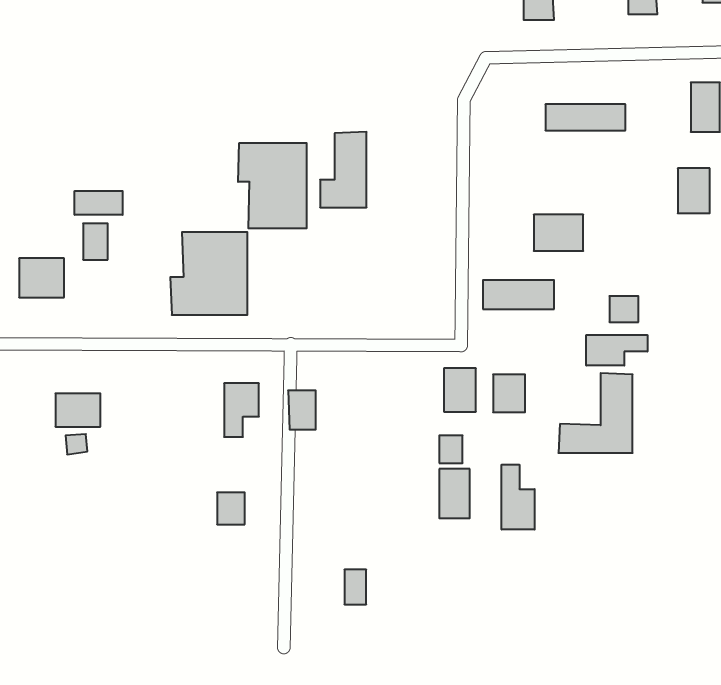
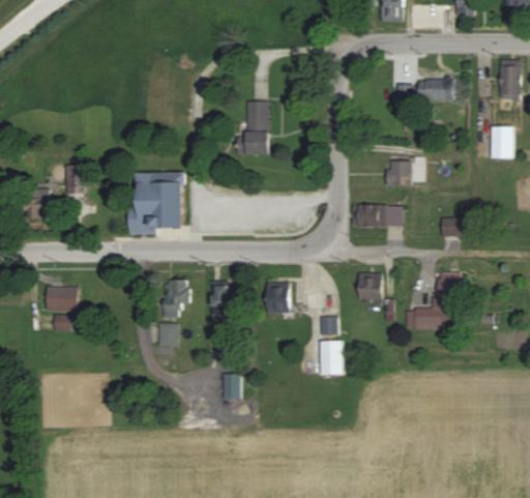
building: [238,143,307,228] -> none
building: [75,191,123,215] -> none
building: [586,335,647,366] -> none
building: [444,368,476,412] -> [267,284,290,315]
building: [502,465,535,530] -> none
building: [217,492,245,524] -> [160,323,180,346]
building: [344,570,366,604] -> [226,375,241,400]

